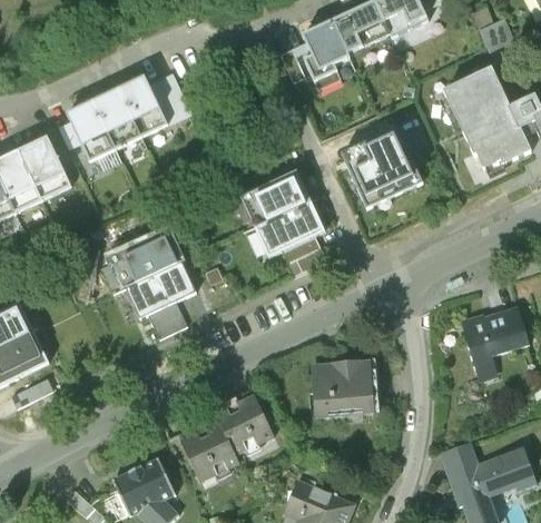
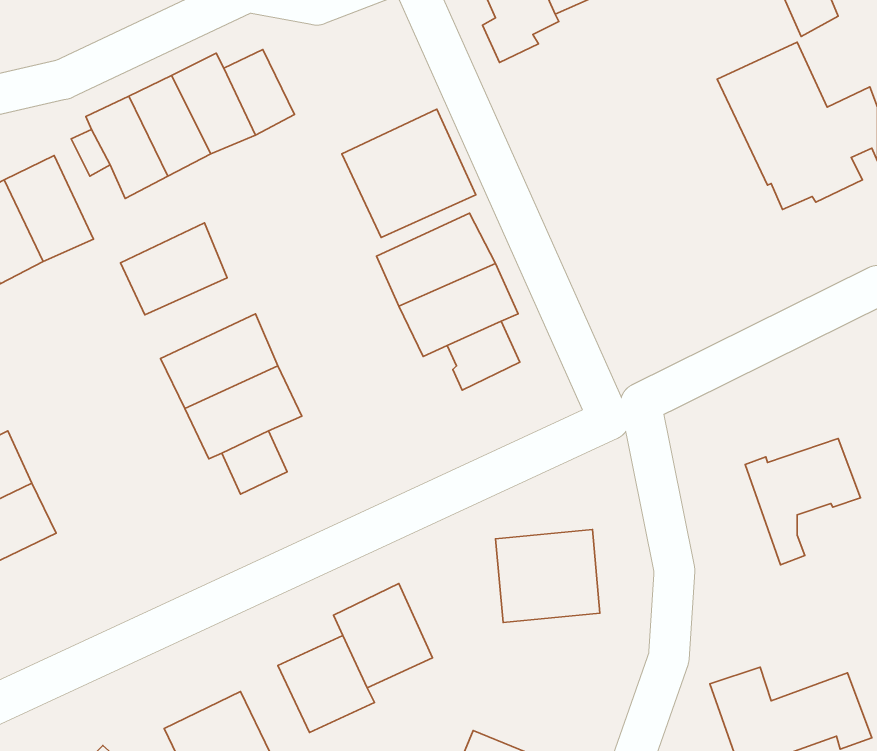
building: [342,130,422,207] -> [342,109,476,238]
building: none -> [120,223,227,315]

